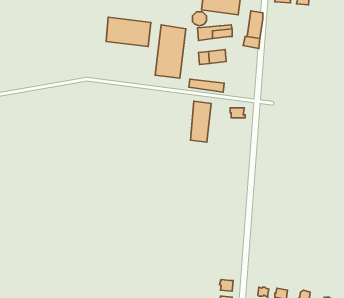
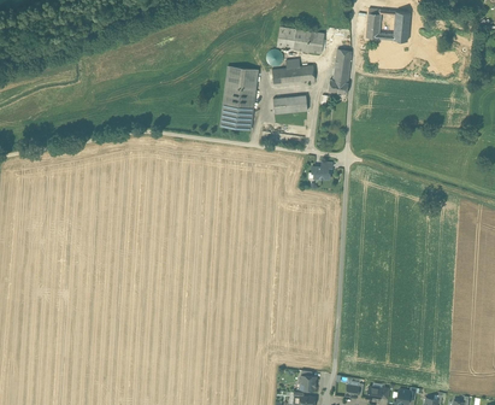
building: [106,17,151,46] -> none
building: [190,101,211,142] -> none

